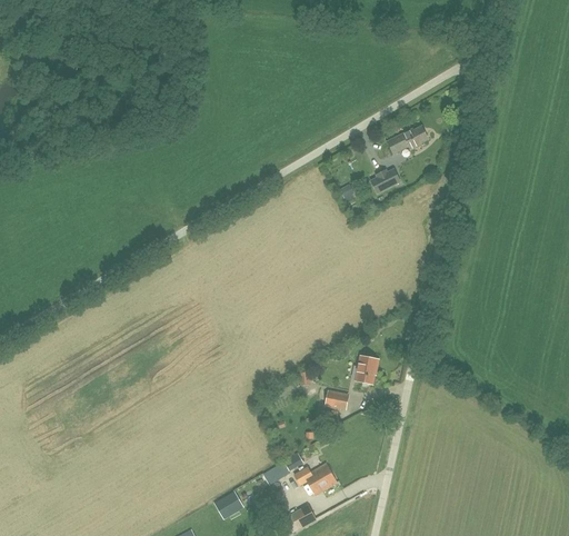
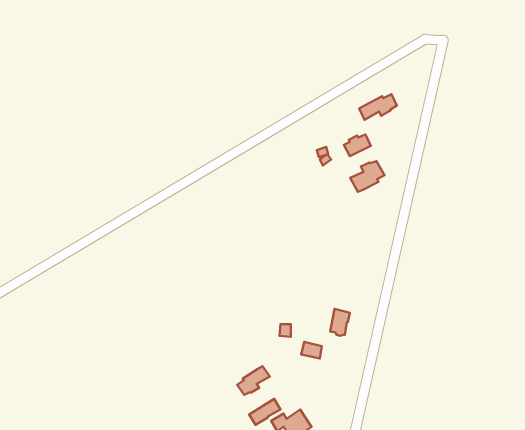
building: none -> [350,161,384,192]
building: none -> [237,366,270,395]

